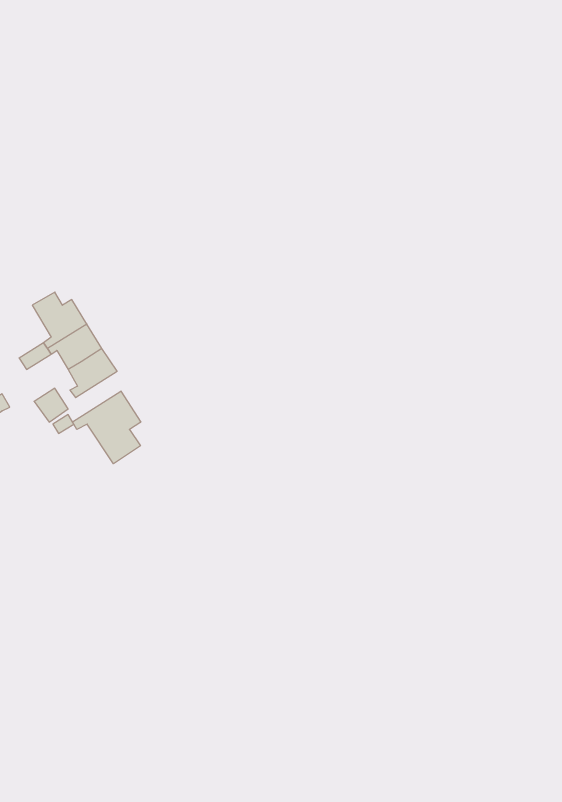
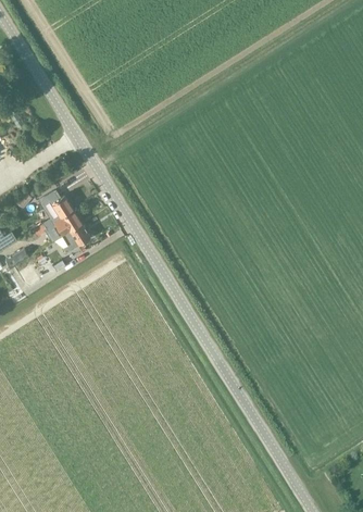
building: [72,391,141,464] -> none

